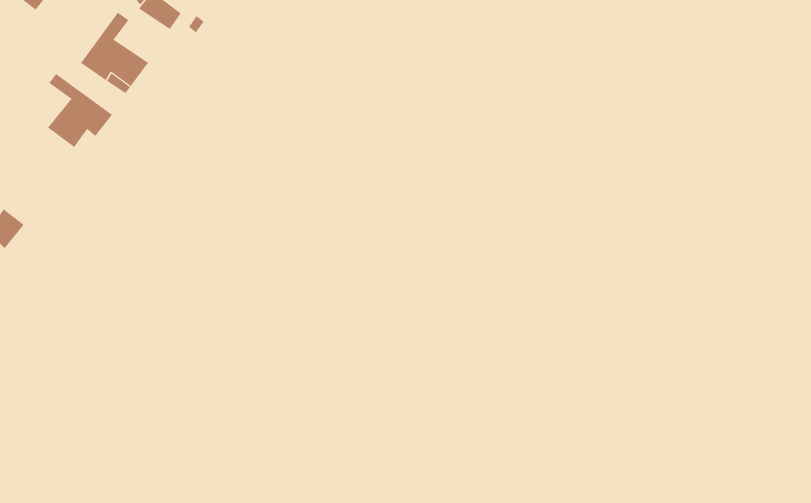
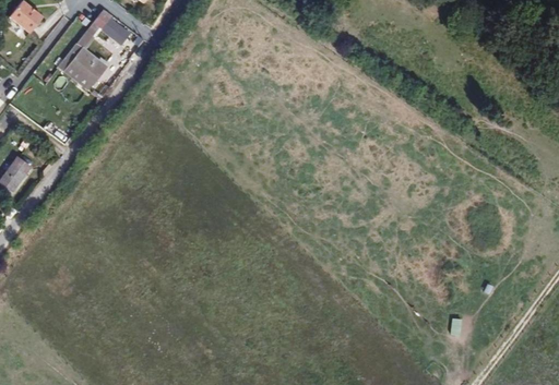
building: [47,73,113,148] -> none

